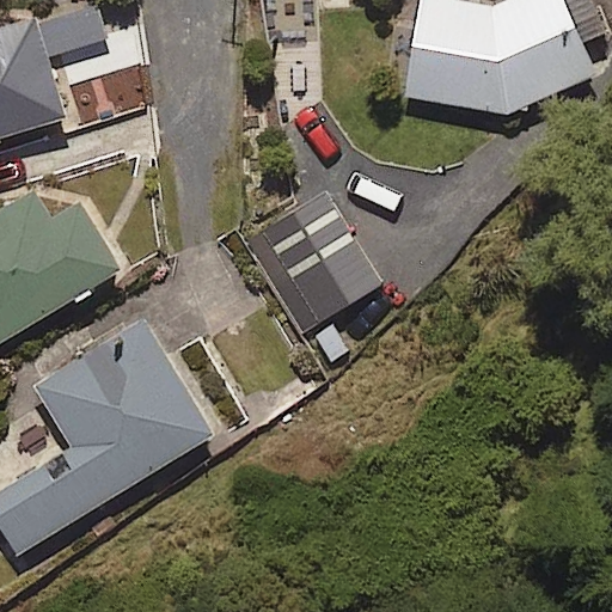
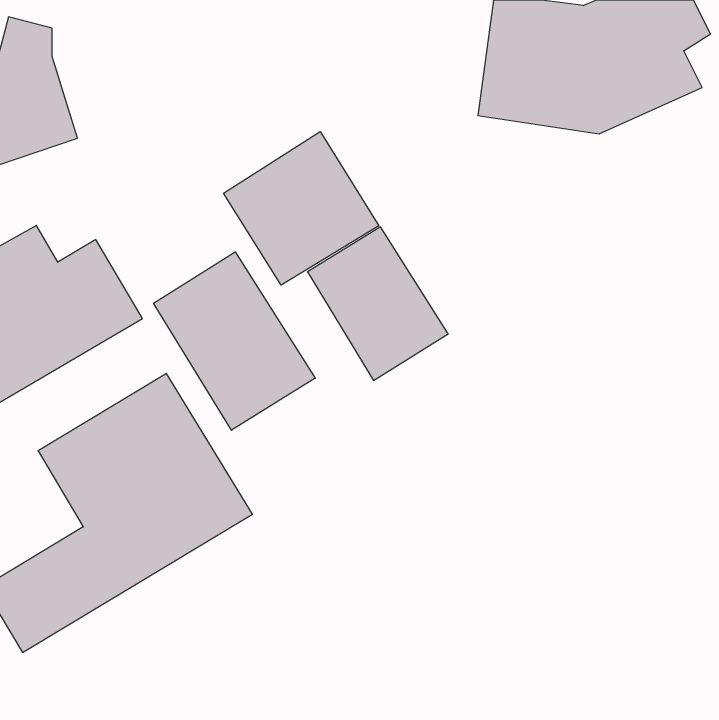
building: none -> [224,132,379,285]
building: none -> [154,252,315,430]

